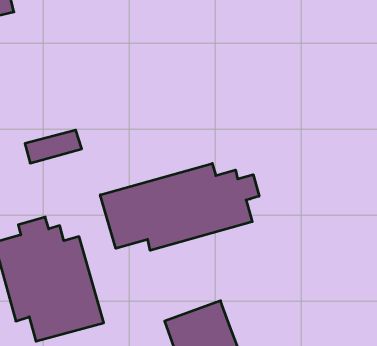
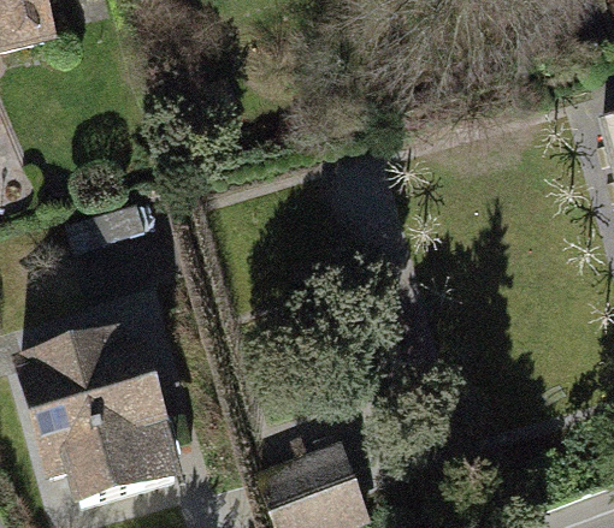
building: [100,163,259,250] -> none

